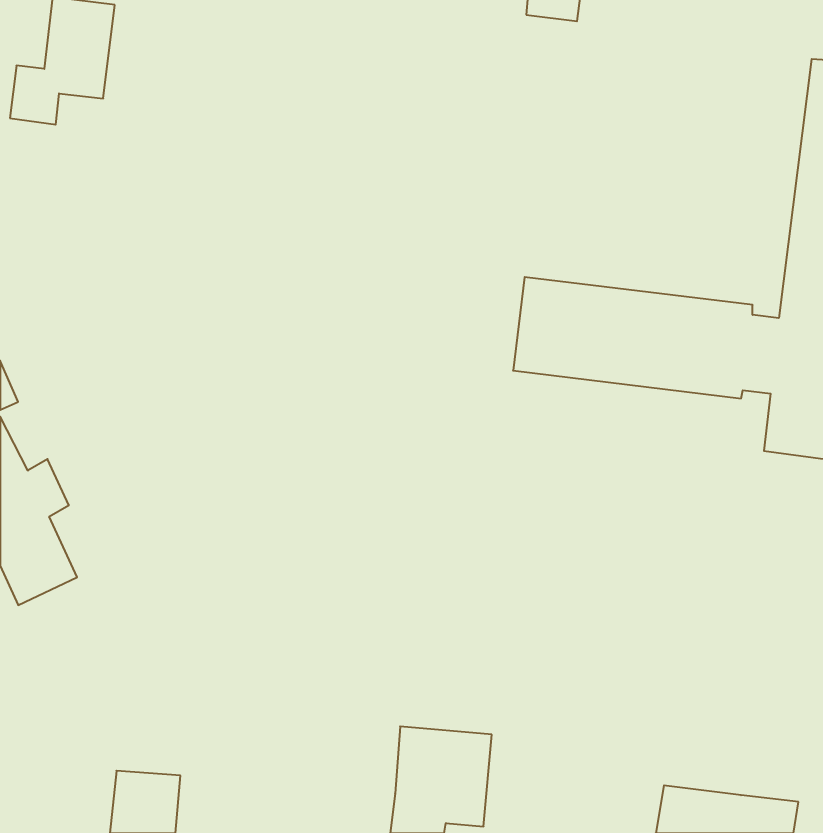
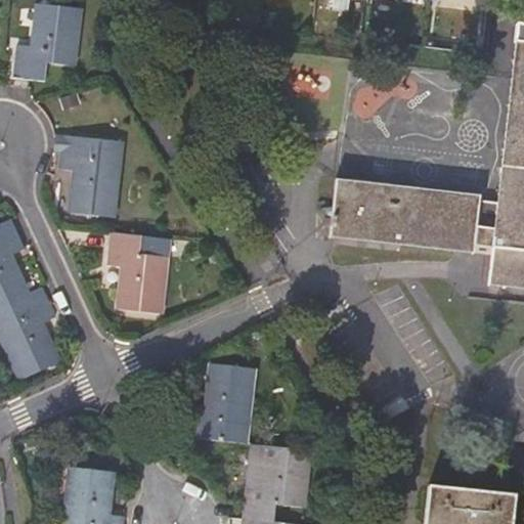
building: none -> [57,138,120,222]
building: none -> [106,239,164,317]
building: none -> [198,376,258,450]

